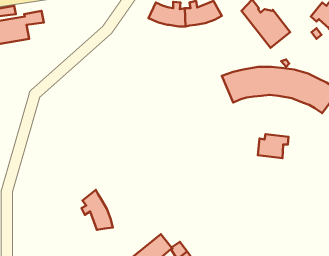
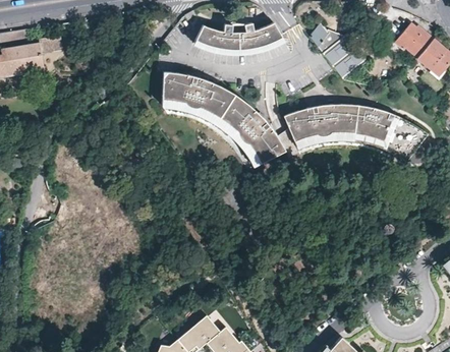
building: none -> [163,72,286,167]
building: [258,134,289,158] -> none
building: [82,190,113,230] -> none

